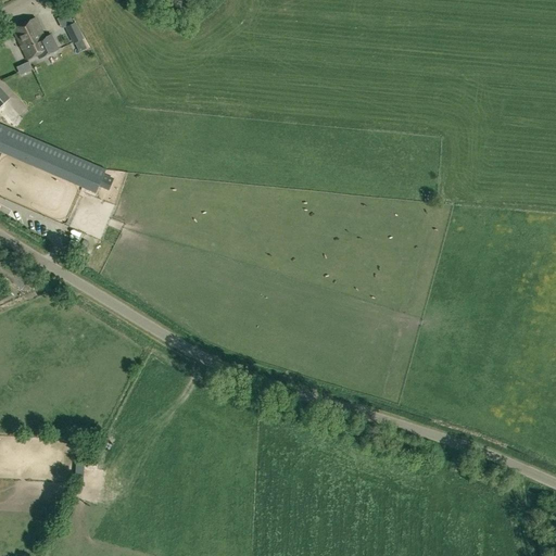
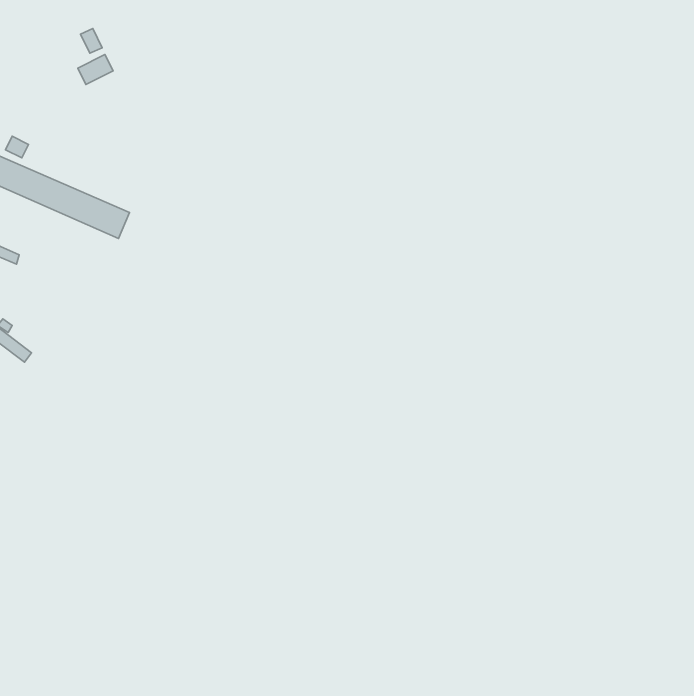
building: [10,17,56,60] -> none

